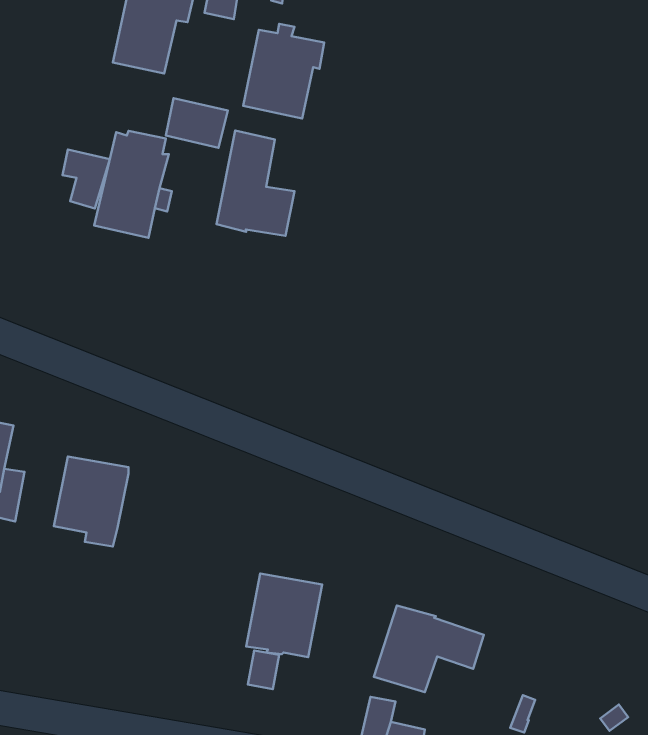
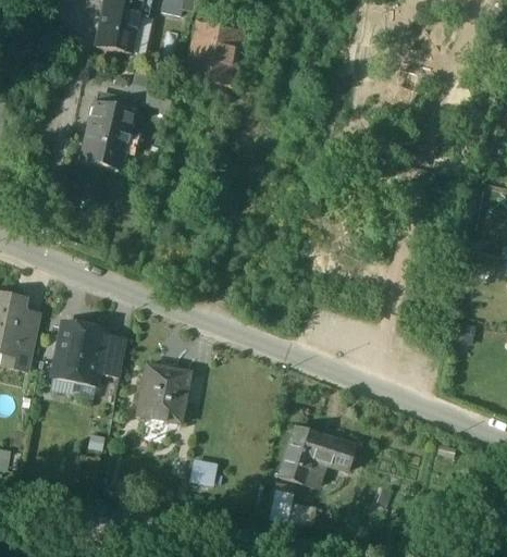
building: [216,130,295,236] -> none
building: [62,150,110,209] -> none
building: none -> [98,333,126,375]
building: [246,574,322,657] -> [136,363,189,422]

